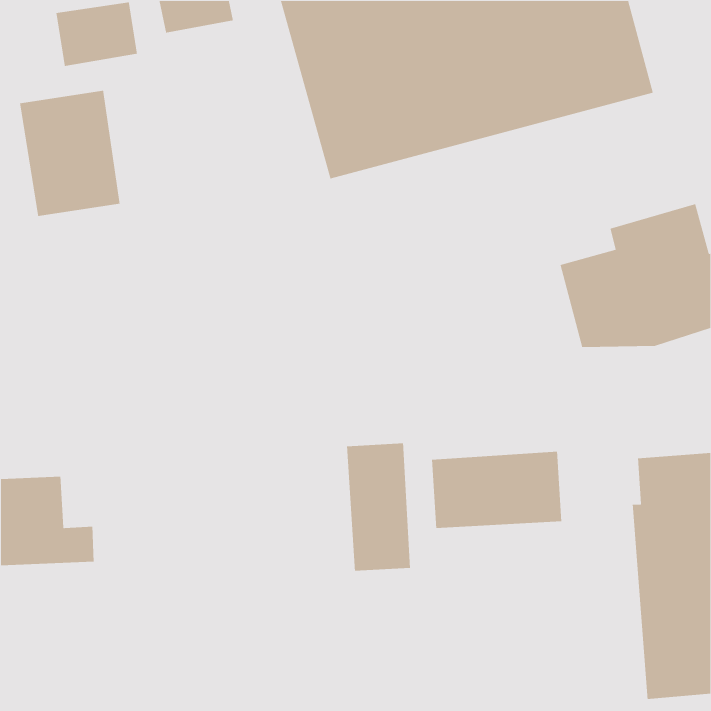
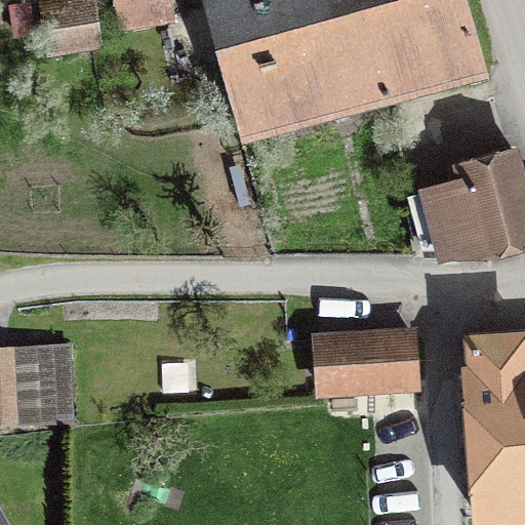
building: [19,90,120,217] -> none
building: [346,442,411,572] -> none

